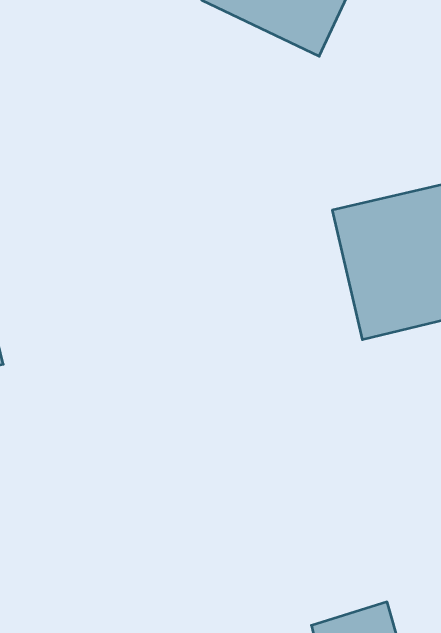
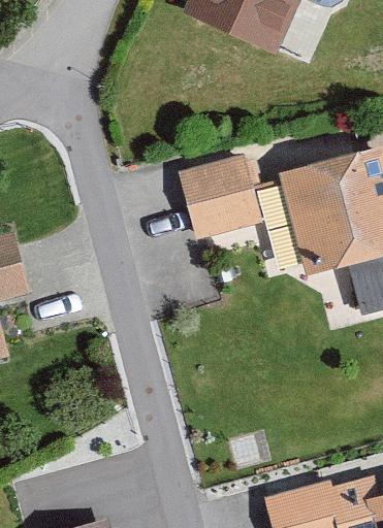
building: none -> [169,157,251,240]

